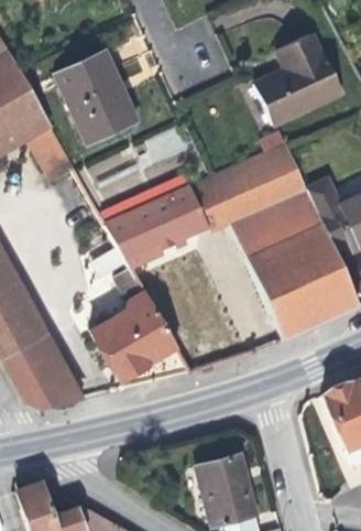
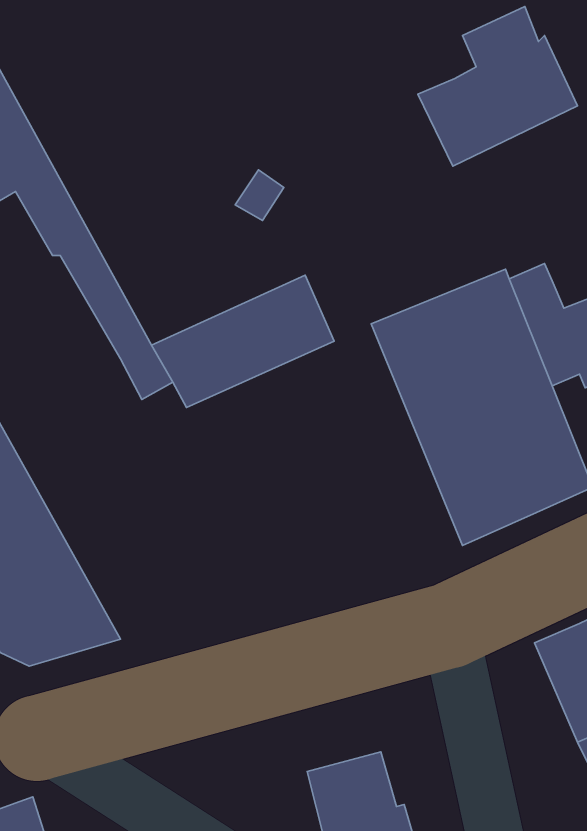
building: [56,55,140,147] -> none
building: [193,142,306,224] -> none
building: [89,278,175,382] -> none

